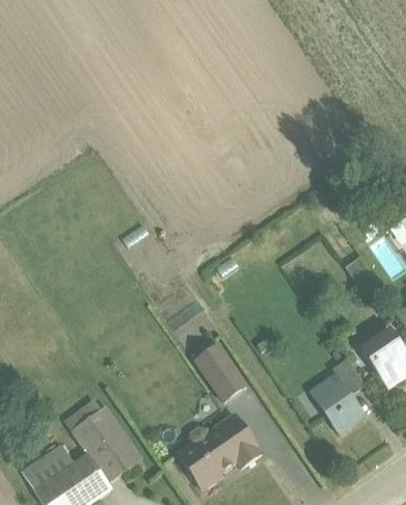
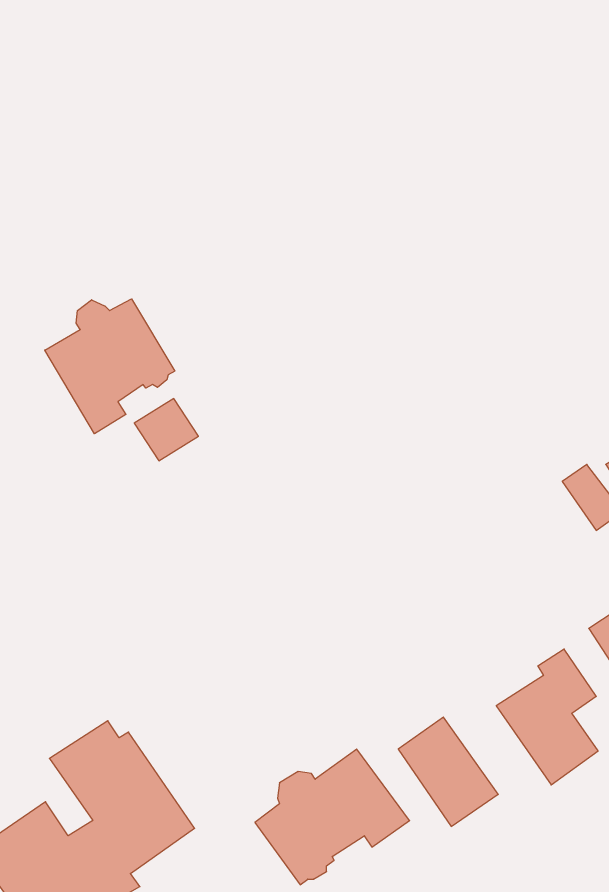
building: none -> [45,299,175,434]
building: [194,343,249,403] -> [398,717,498,826]

